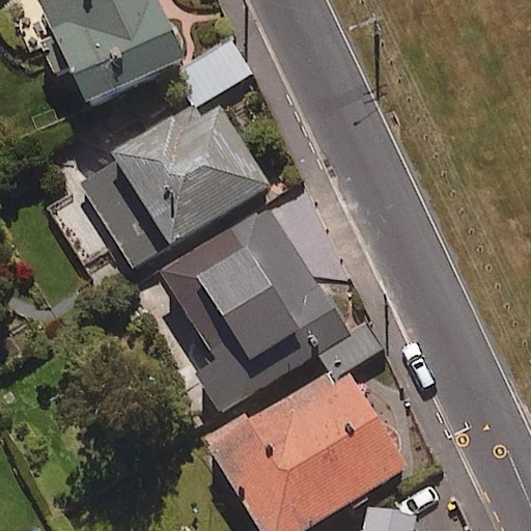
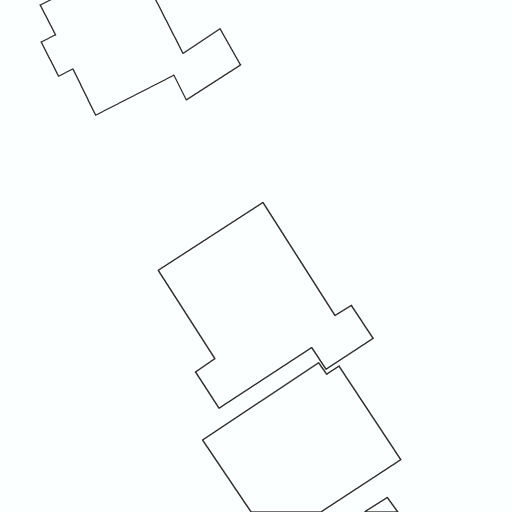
building: [76,94,268,261] -> none

